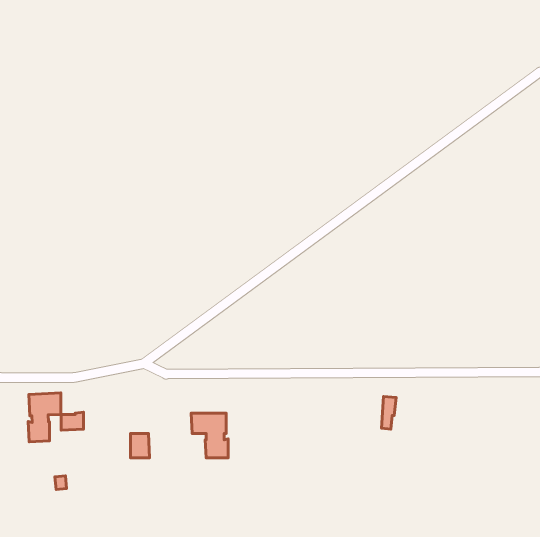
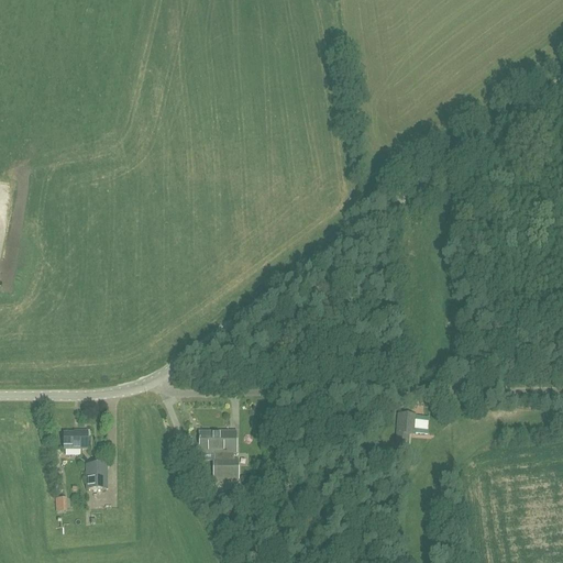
building: [28,393,61,442] -> none
building: [131,434,150,458] -> [87,462,107,487]

